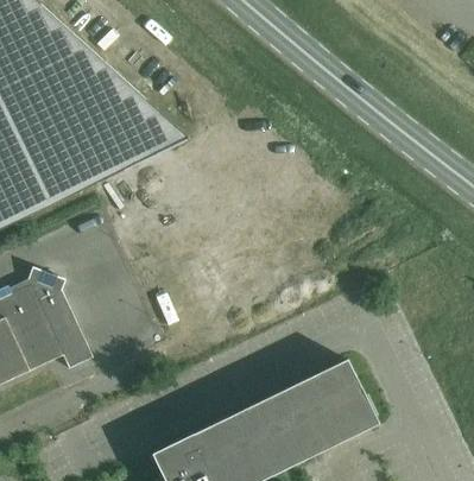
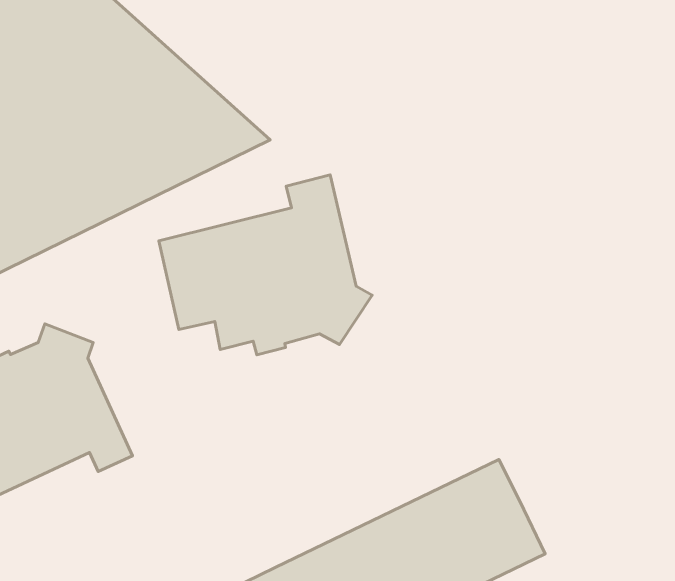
building: none -> [159,175,372,355]

